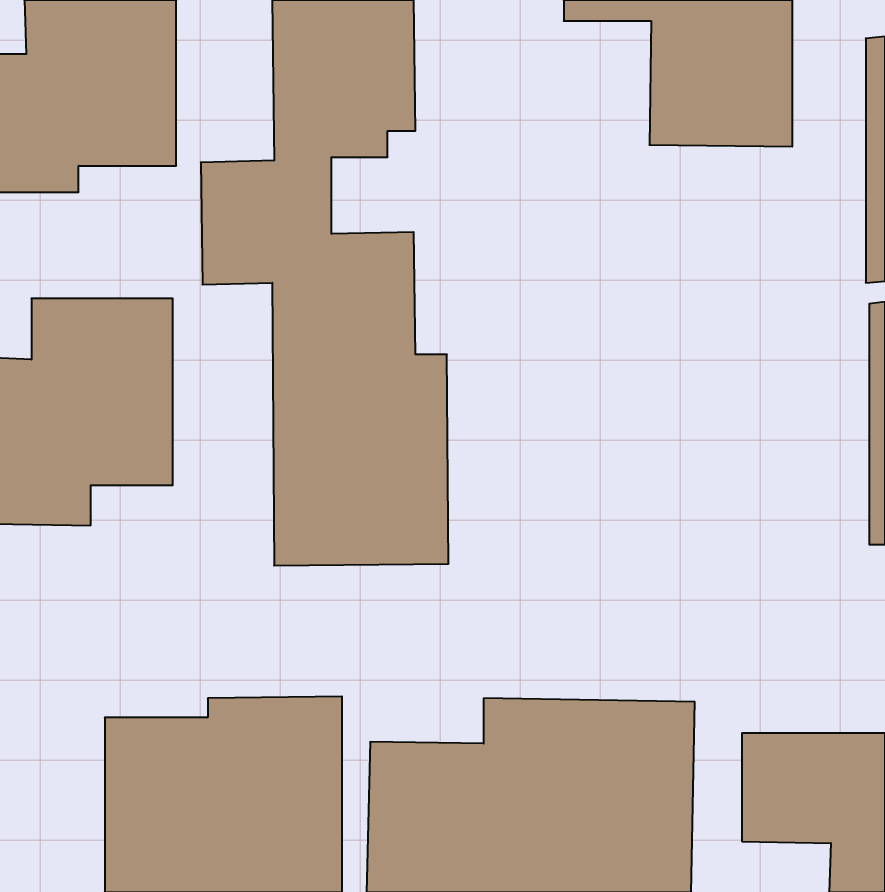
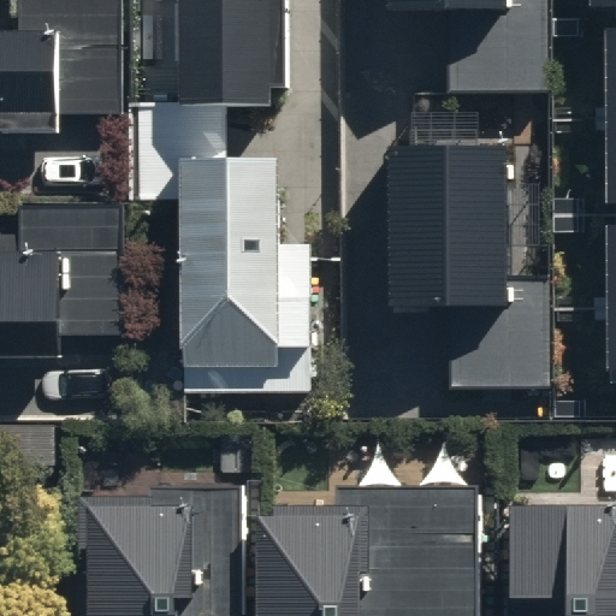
building: none -> [389,148,549,393]

